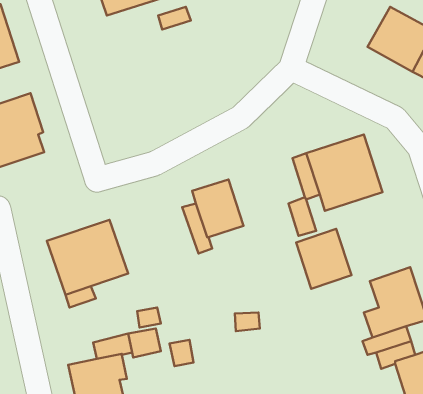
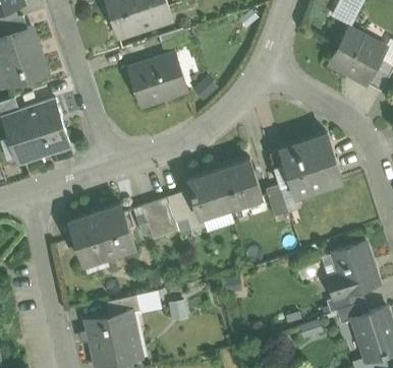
building: none -> [128,53,188,107]
building: none -> [142,197,178,240]
building: [296,229,351,289] -> [217,160,262,208]

